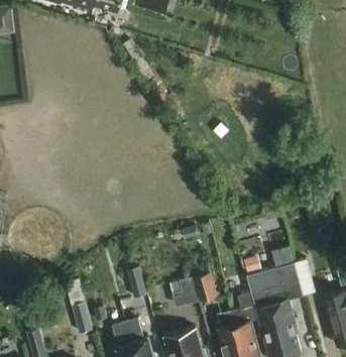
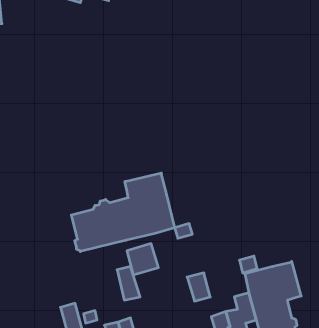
building: none -> [71,173,175,252]
building: [169,276,200,307] -> [127,244,158,275]

